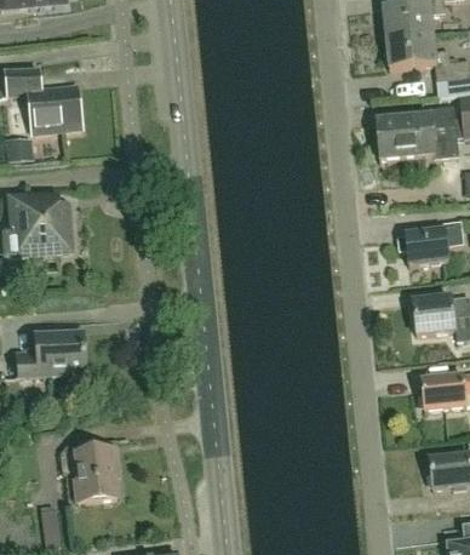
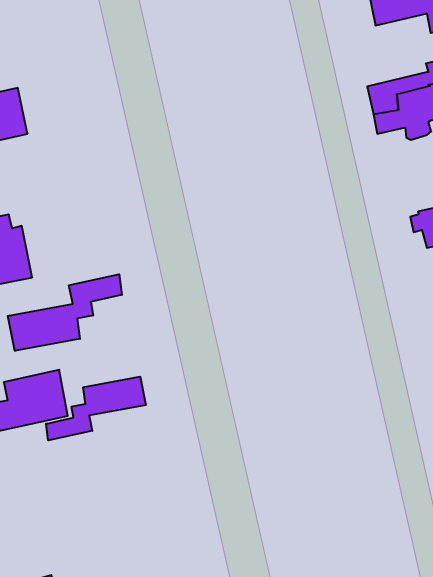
building: none -> [8,274,122,351]
building: none -> [46,377,146,440]
building: [75,446,116,500] -> none

